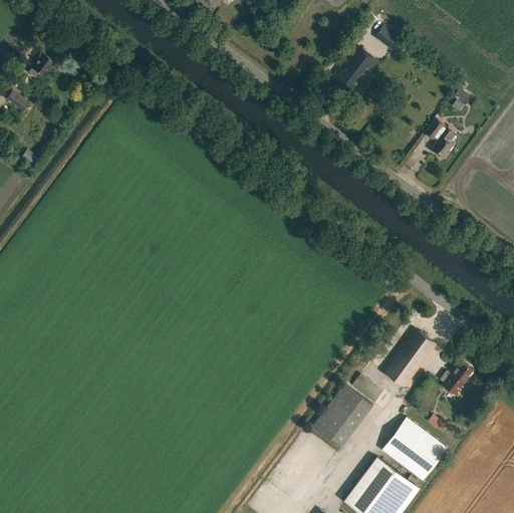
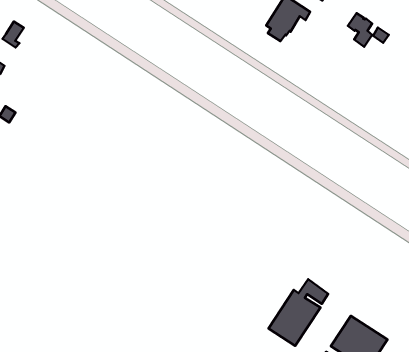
building: [425,120,453,160] -> [348,13,372,47]
building: [381,328,437,389] -> none
building: [440,363,472,398] -> none

